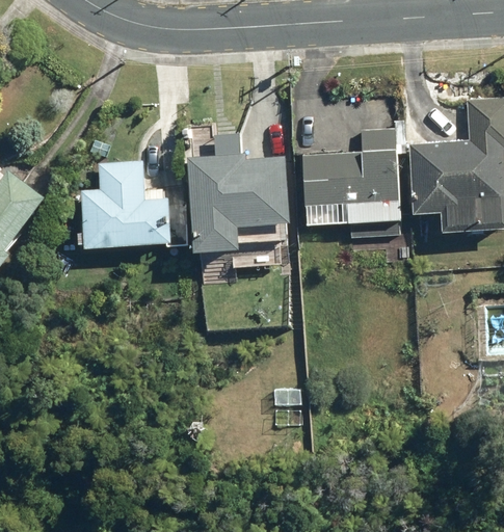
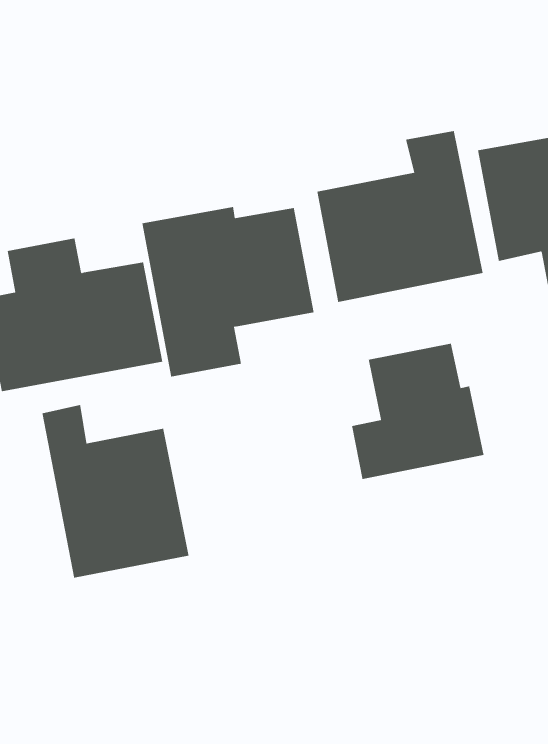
building: none -> [352,343,484,480]
building: none -> [42,404,189,578]

